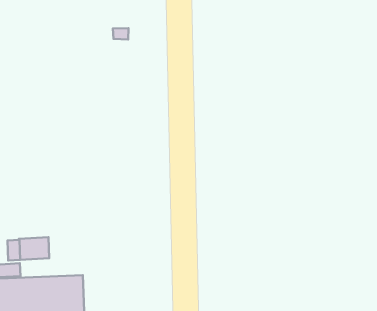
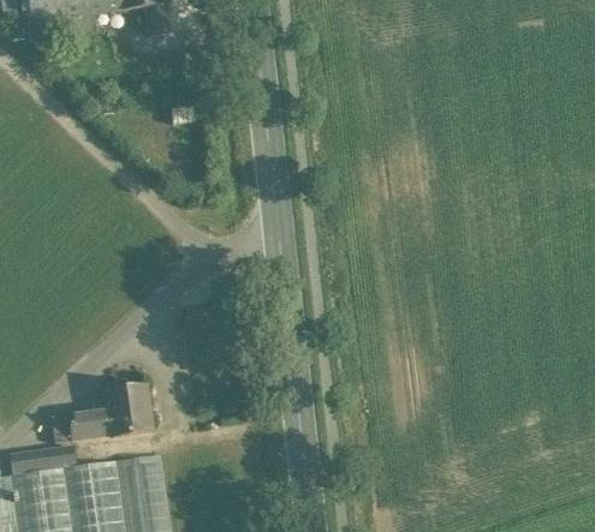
building: none -> [106,384,151,436]

